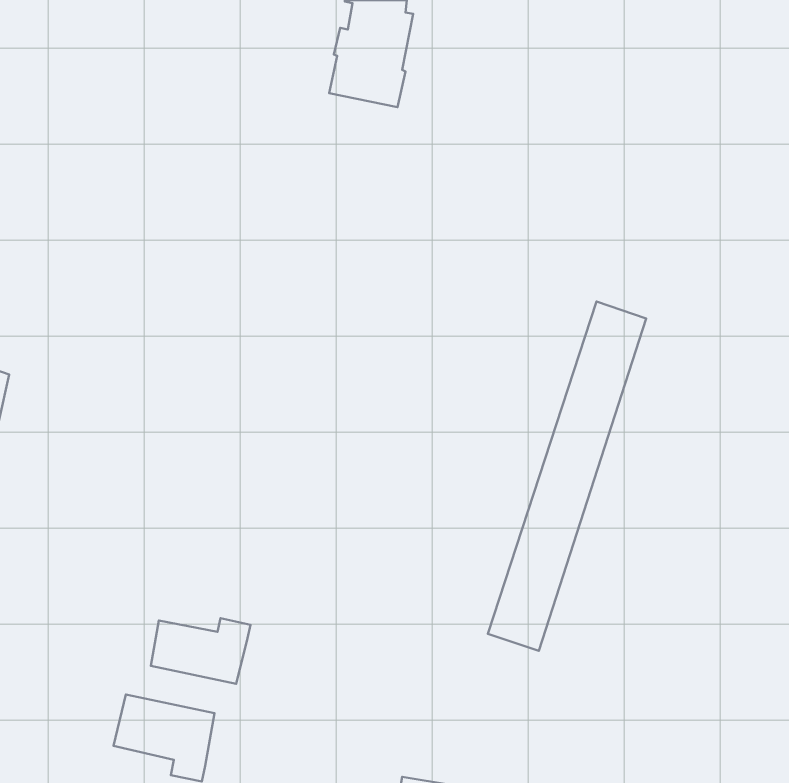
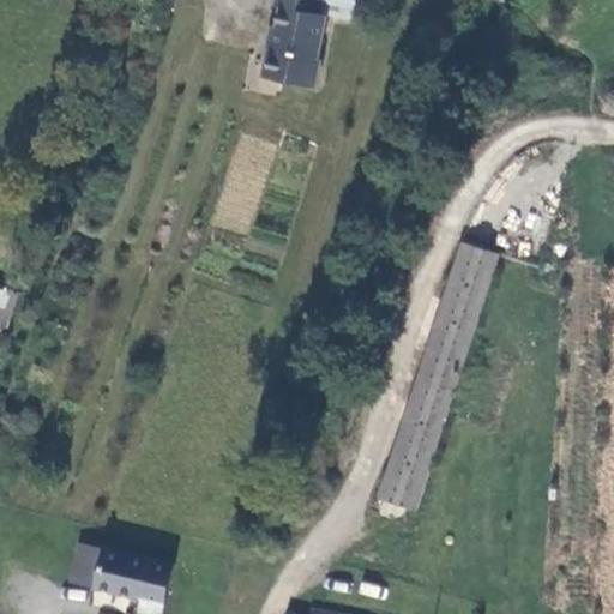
building: [151,618,250,684] -> none

